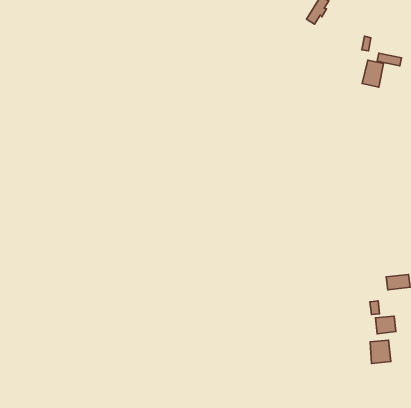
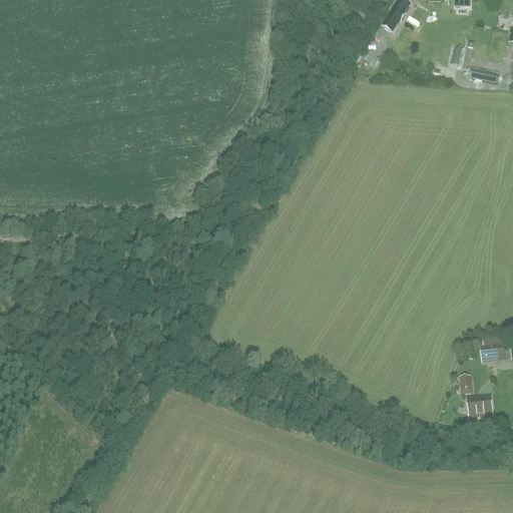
building: [362,60,384,87] -> none
building: [370,340,391,364] -> none

